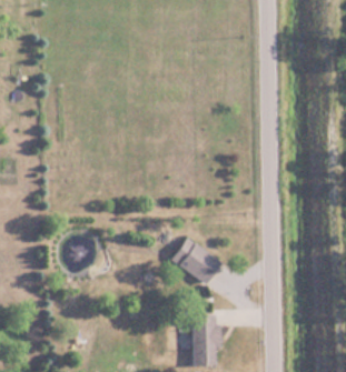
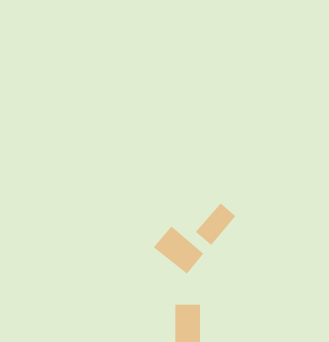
building: none -> [195,203,236,246]

